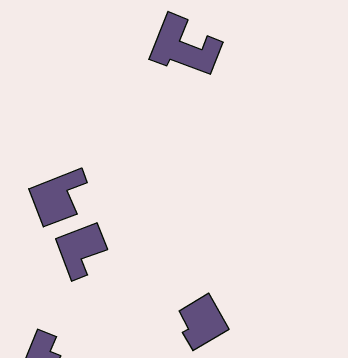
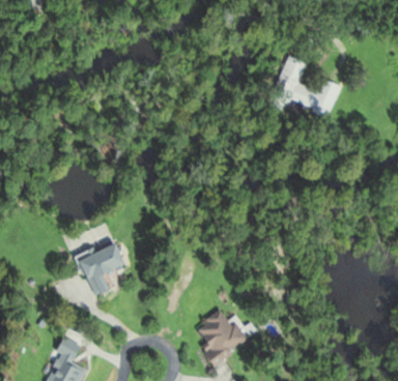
building: [149,11,223,74] -> [271,54,343,115]
building: [29,168,87,227] -> none

